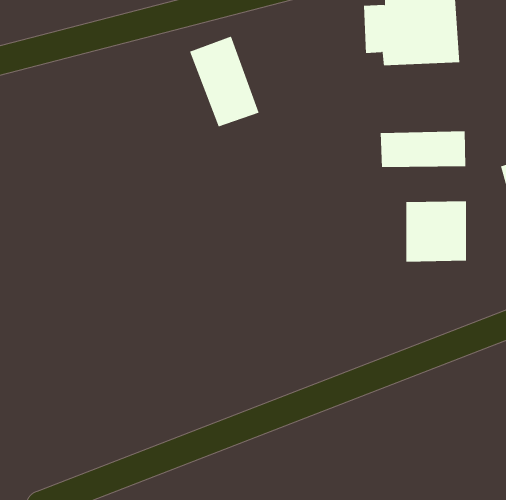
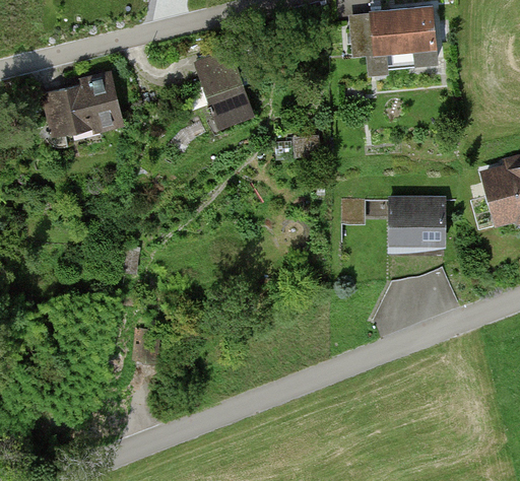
building: none -> [42,78,122,142]
building: [380,131,466,168] -> none

